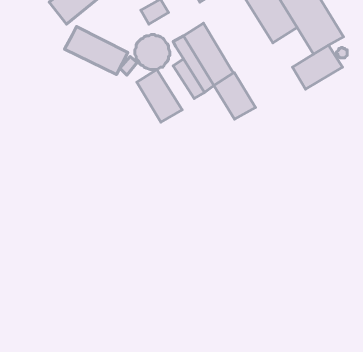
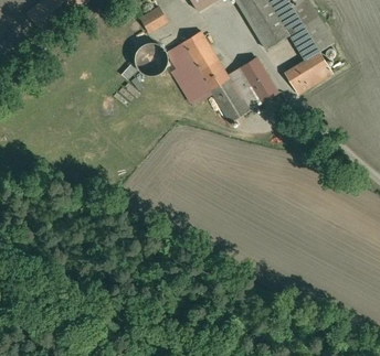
building: [65,27,128,75] -> none
building: none -> [226,56,277,110]
building: [137,69,182,122] -> none

